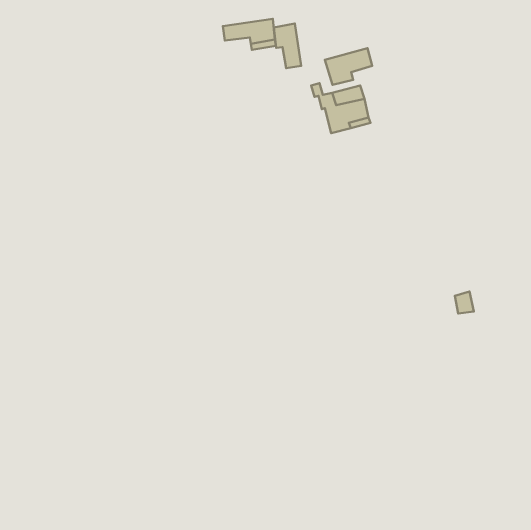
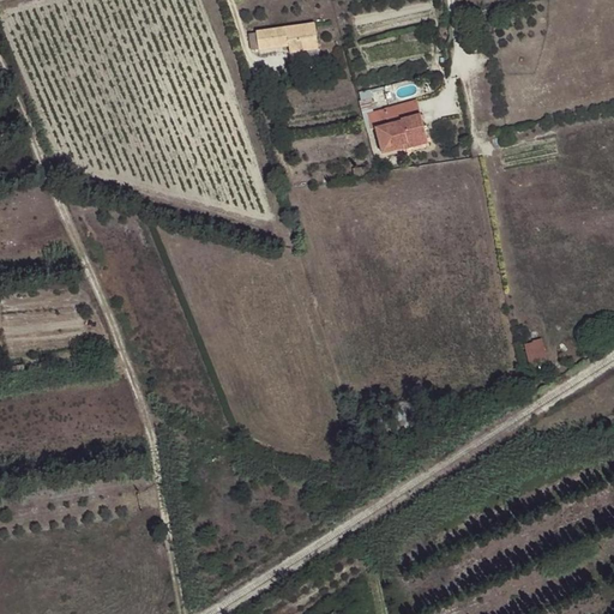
building: [274,24,301,68] -> none
building: [325,48,372,85] -> none

